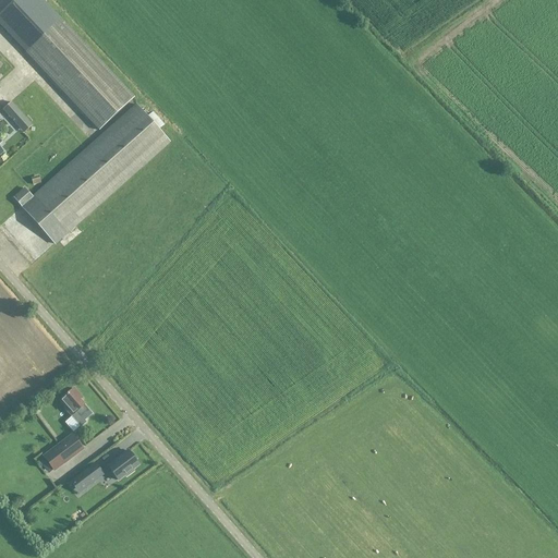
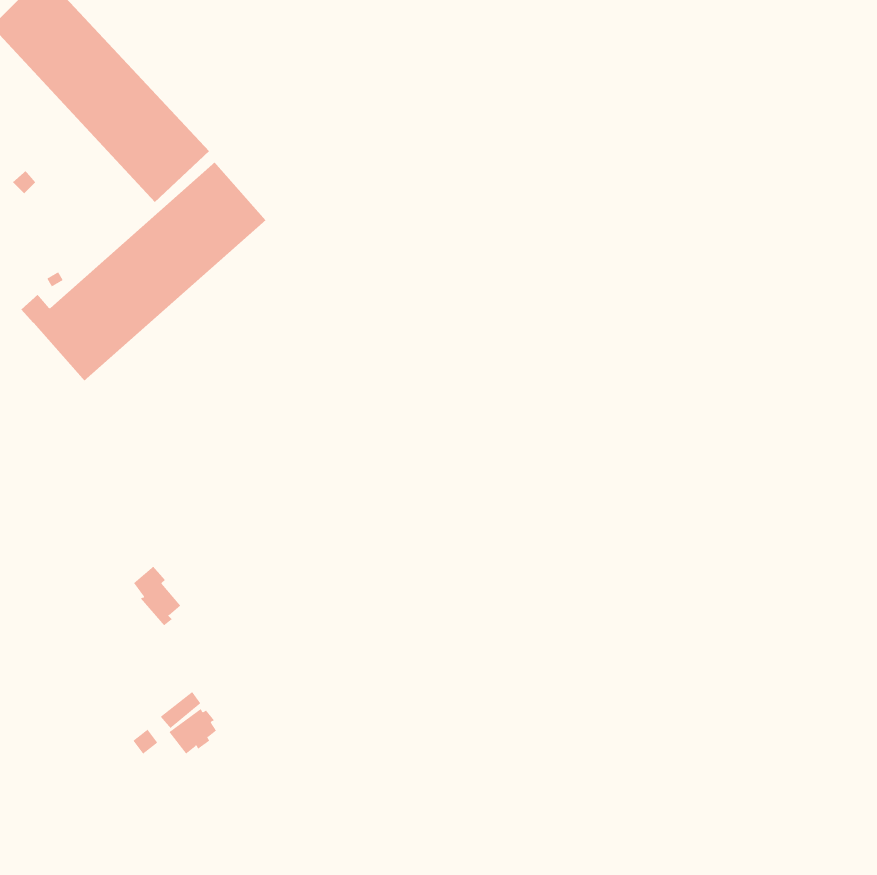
building: [60,387,90,425] -> [133,566,181,626]
building: [44,434,82,469] -> none

